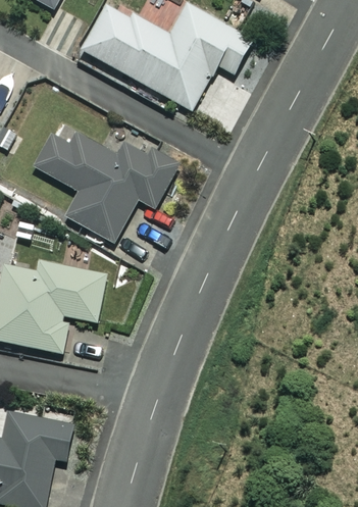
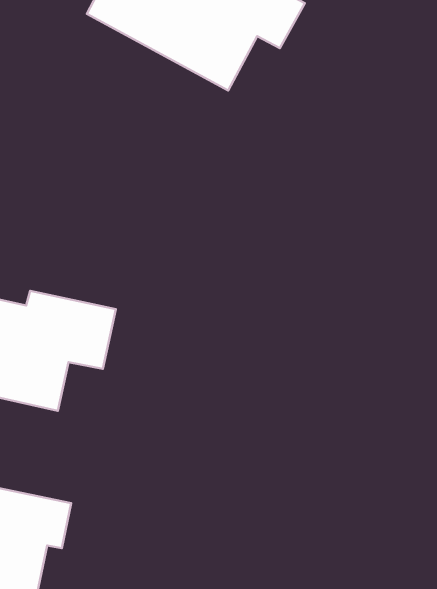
building: [35,125,177,244] -> none

